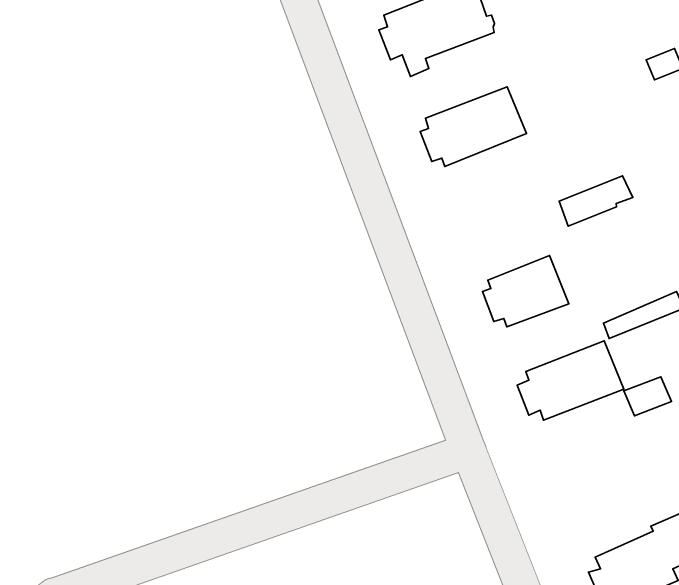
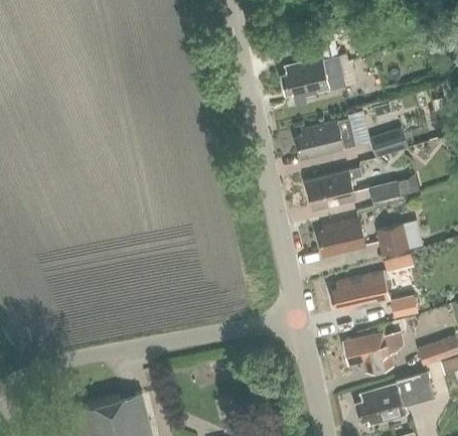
building: none -> [369,127,409,157]
building: none -> [306,167,361,208]
building: none -> [376,221,423,253]
building: none -> [343,330,391,371]

